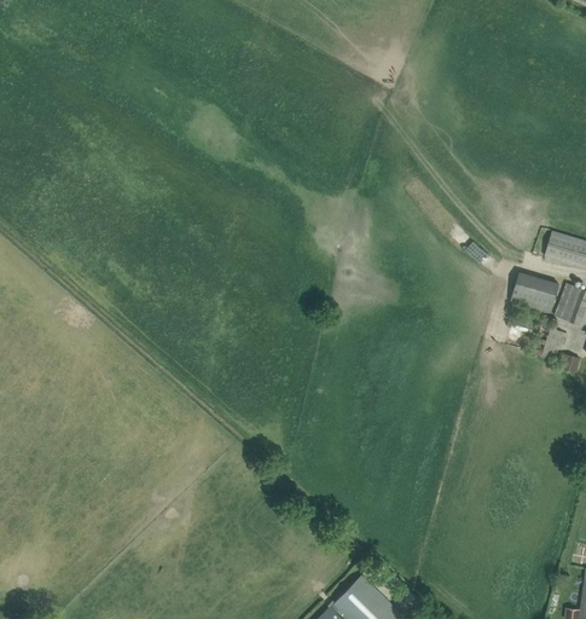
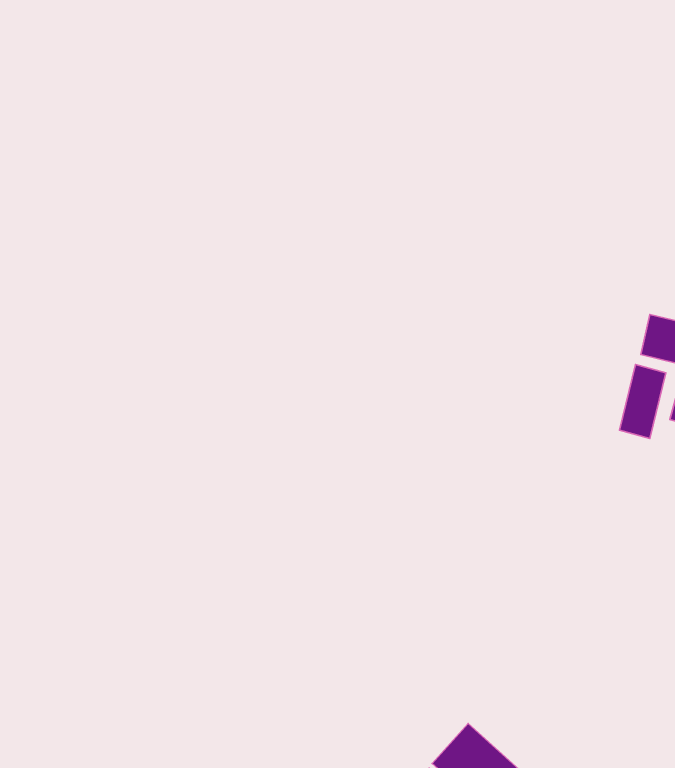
building: none -> [620,364,666,439]

